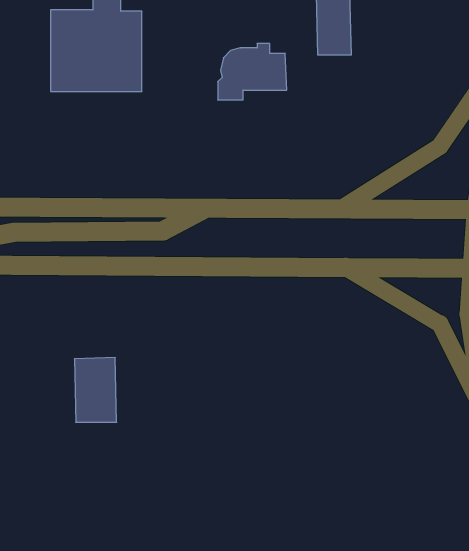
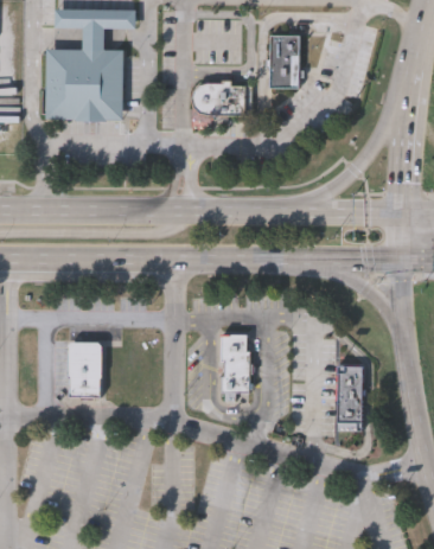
building: none -> [221,334,249,392]
building: none -> [334,368,362,433]

